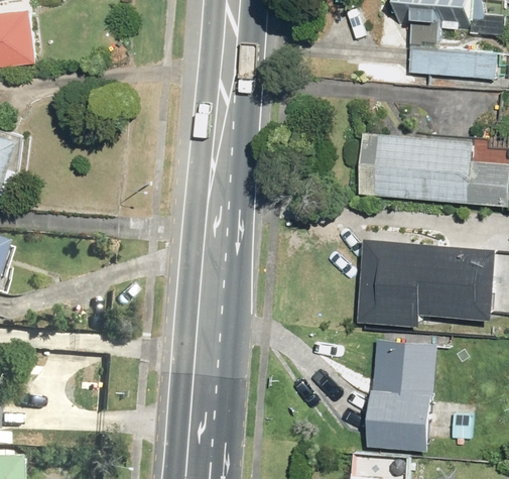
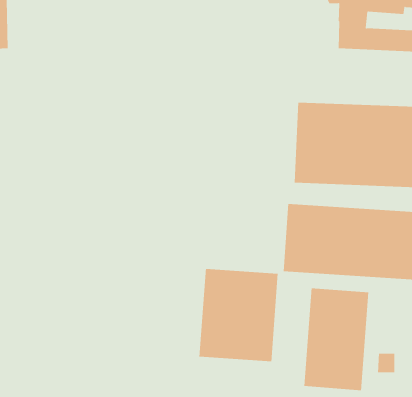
building: none -> [199,268,278,362]

